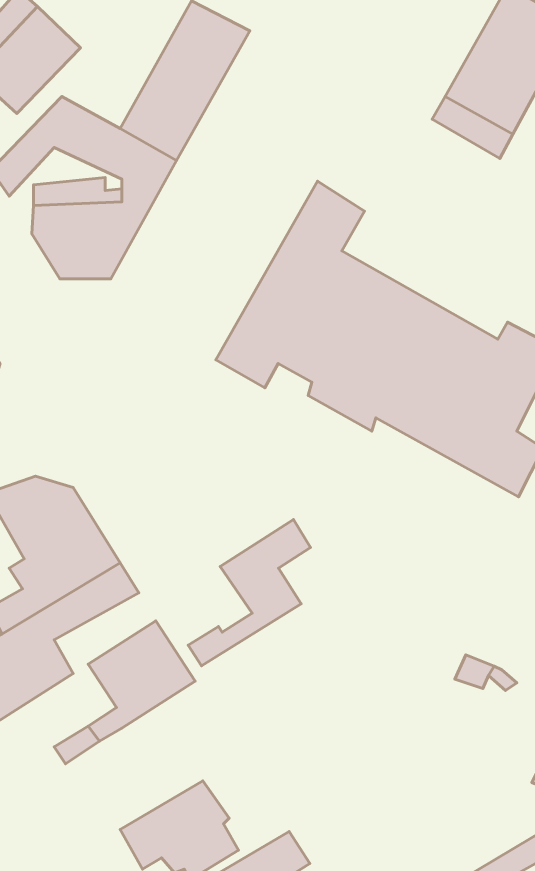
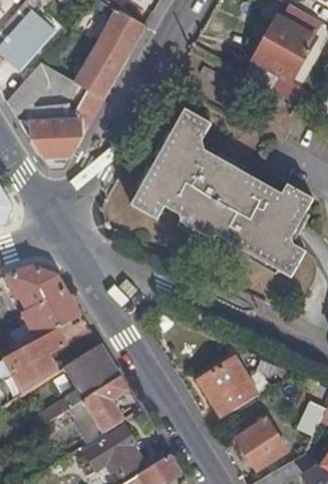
building: [188,519,311,666] -> [61,374,126,452]
building: none -> [200,358,259,418]
building: none -> [236,418,288,469]

